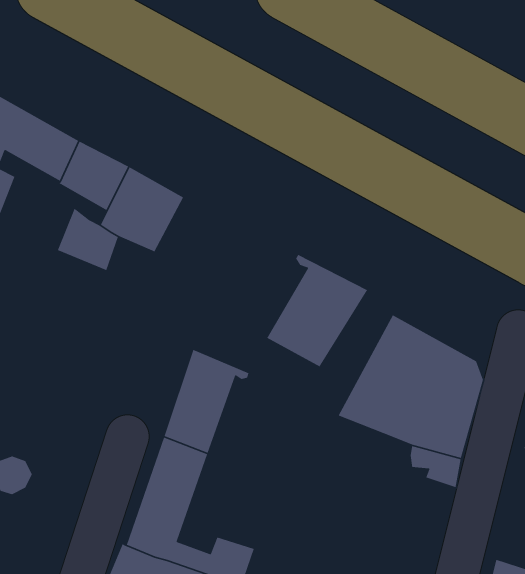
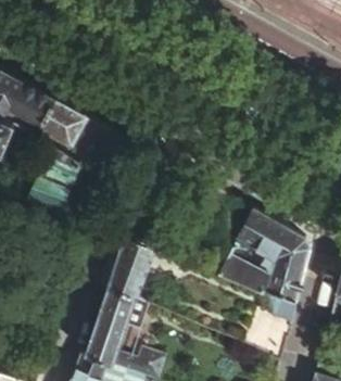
building: none -> [29,169,72,208]
building: [266,254,368,367] -> none

